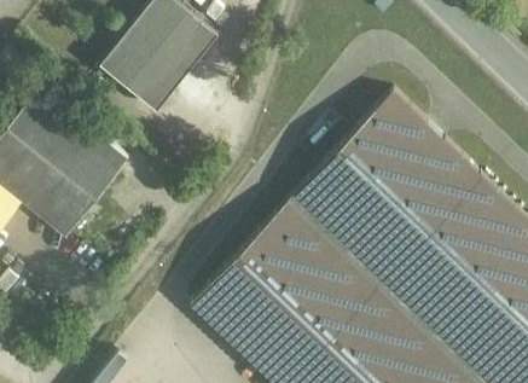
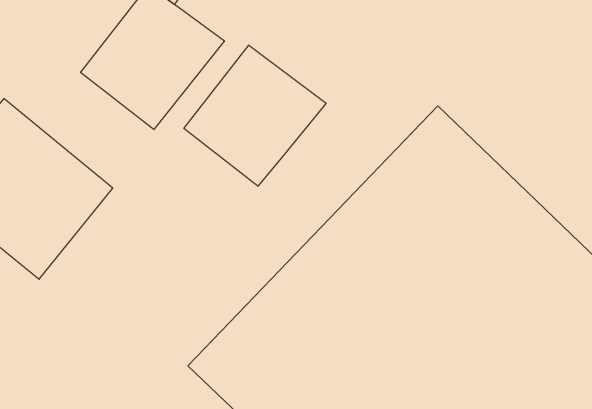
building: none -> [184,45,326,186]

